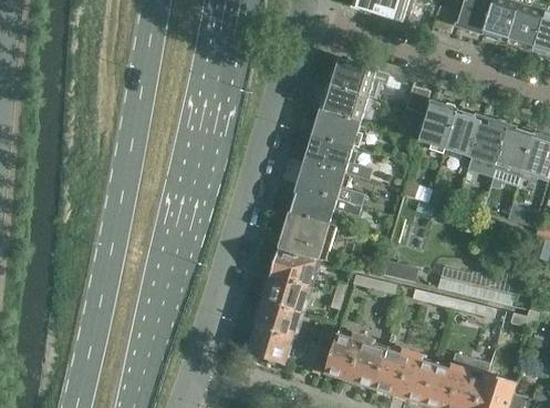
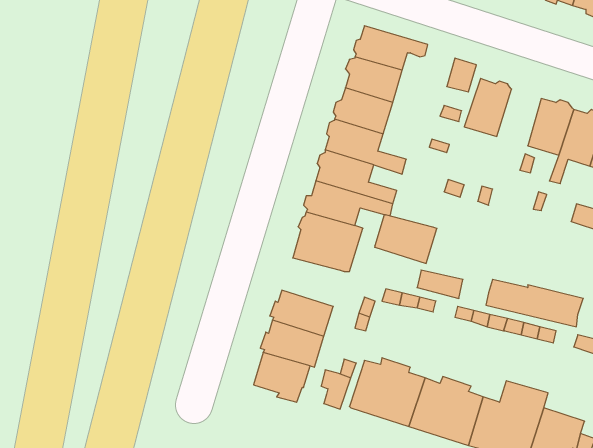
building: [446,109,482,157] -> none
building: [270,249,321,289] -> [375,215,437,263]

